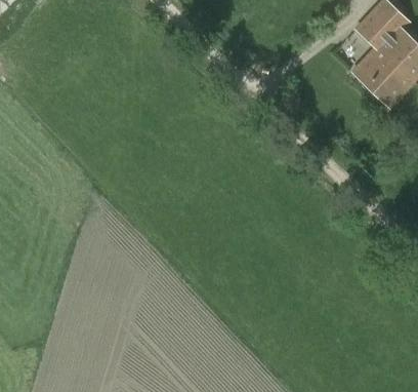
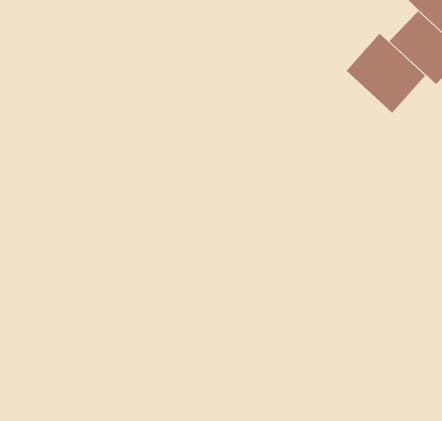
building: none -> [346,33,426,114]

